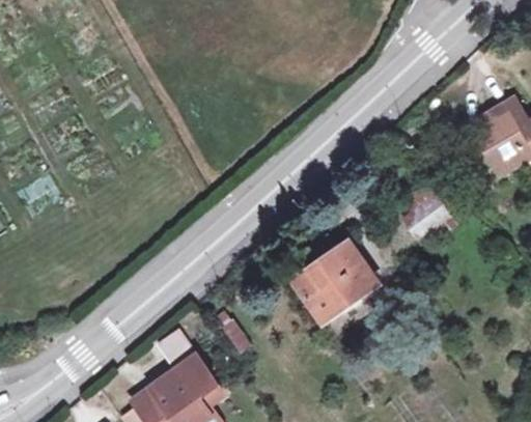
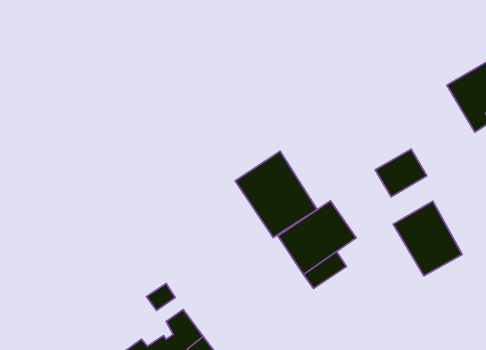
building: none -> [235,151,317,237]
building: none -> [393,201,462,276]

